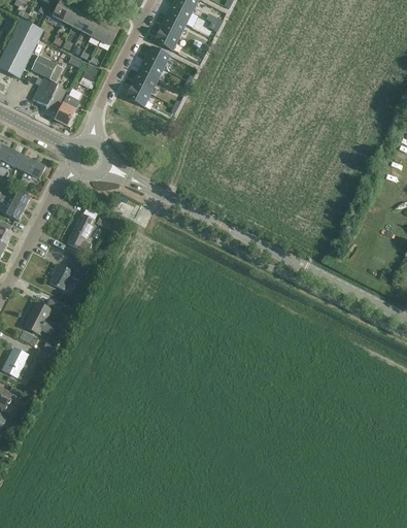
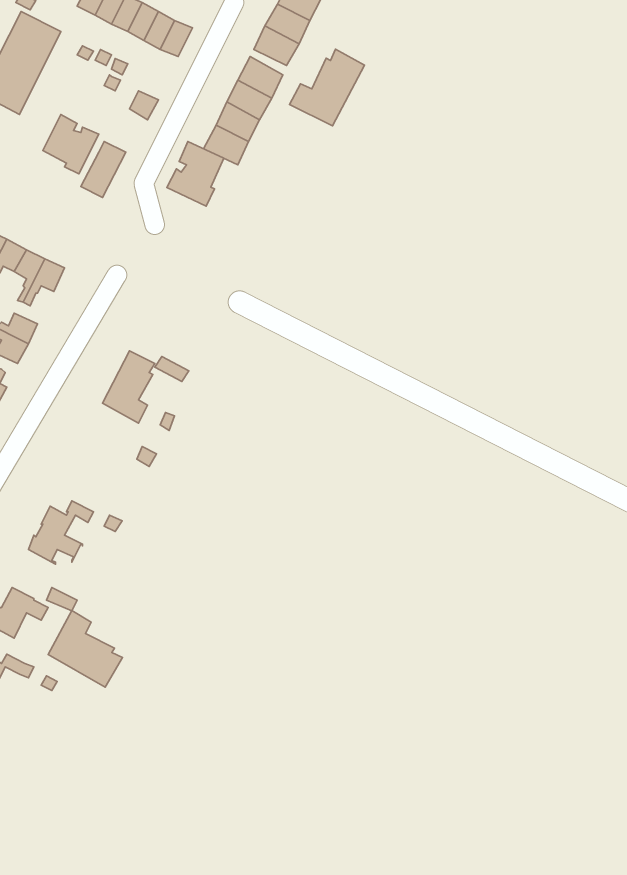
building: none -> [289,49,365,126]
building: [31,55,62,81] -> none
building: none -> [167,141,224,206]
building: [48,262,82,289] -> none
building: none -> [48,611,122,687]

